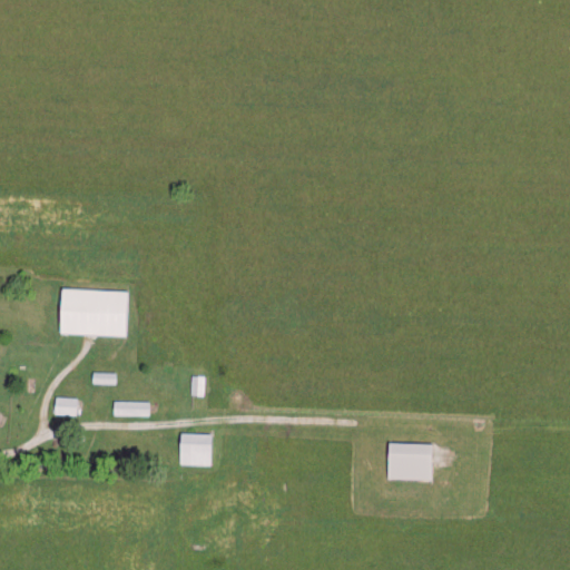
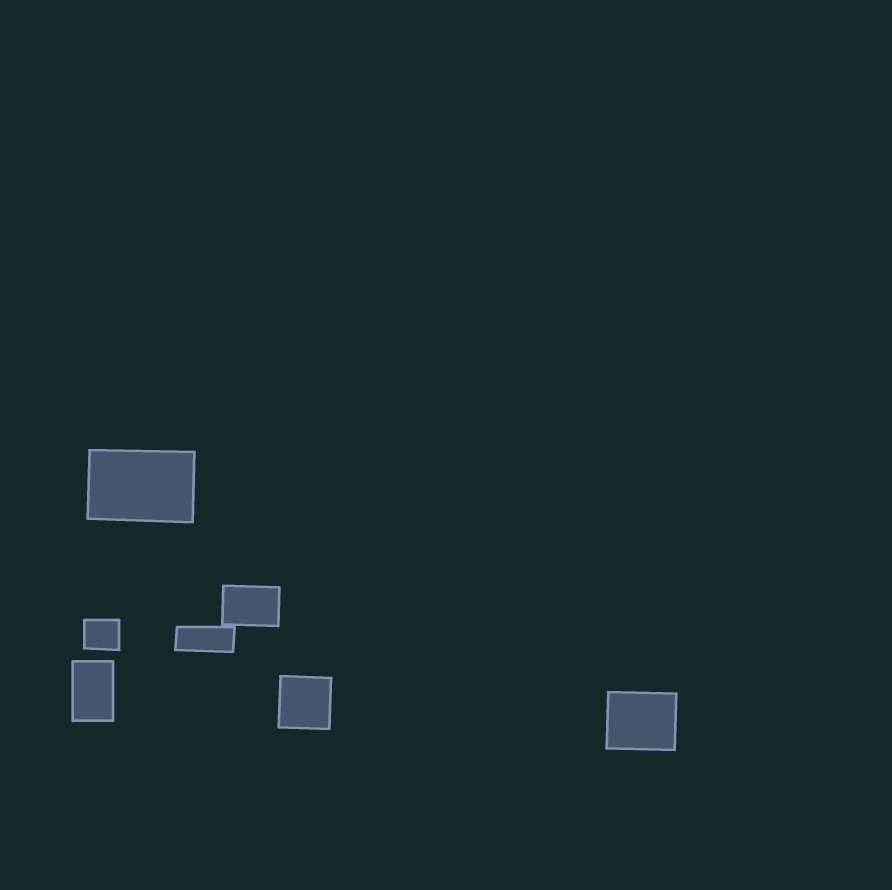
building: none -> [222,586,279,626]
building: none -> [73,661,113,721]

